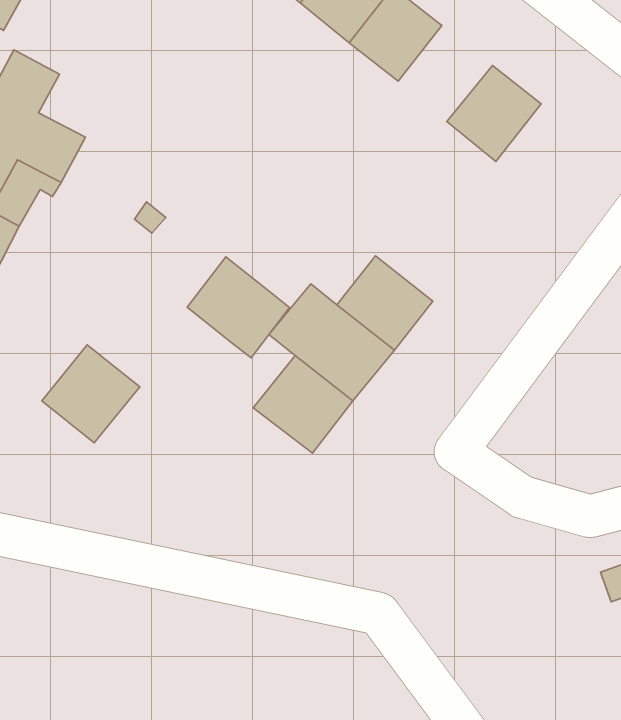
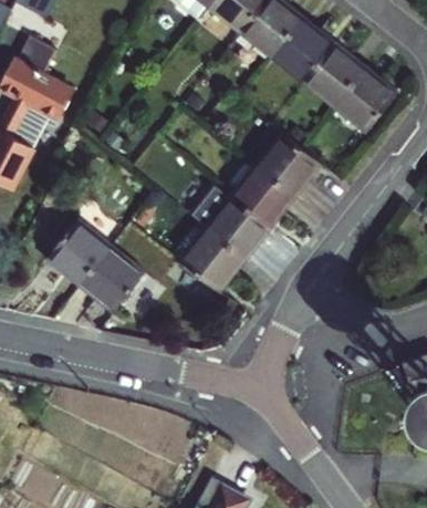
building: none -> [272,20,332,81]
building: none -> [334,70,396,132]
building: none -> [258,134,320,195]
building: [187,257,290,358] -> none
building: none -> [80,249,144,312]

